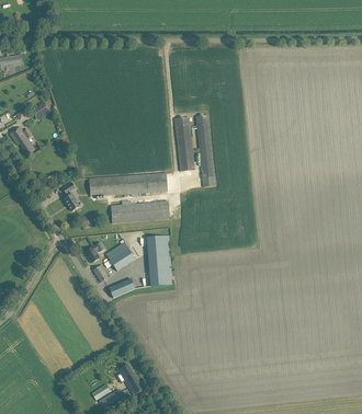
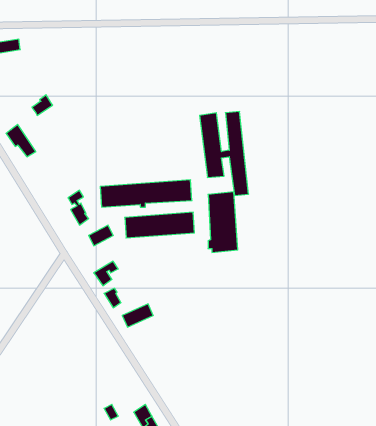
building: [146,234,171,286] -> [208,192,238,252]
building: [103,242,135,271] -> none

